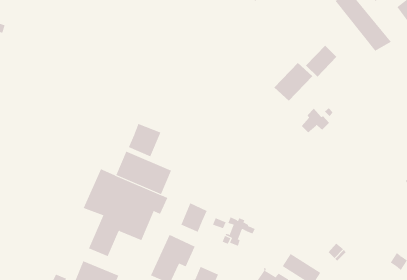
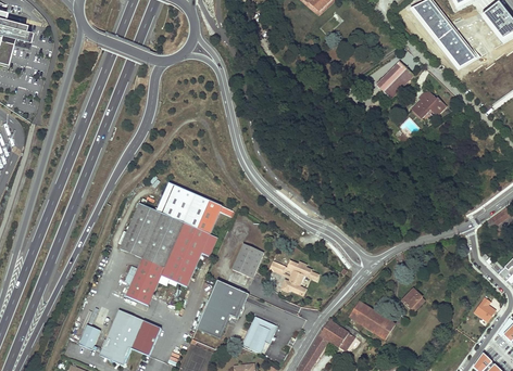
building: [274,62,313,102] -> none
building: [301,108,330,133] -> [412,89,446,118]
building: [128,123,161,157] -> none

